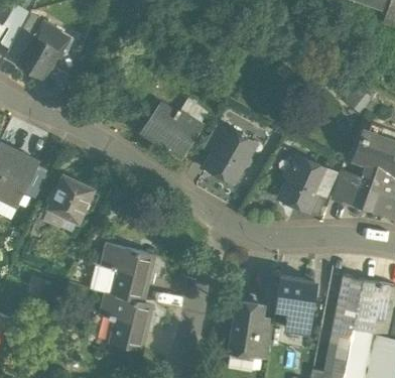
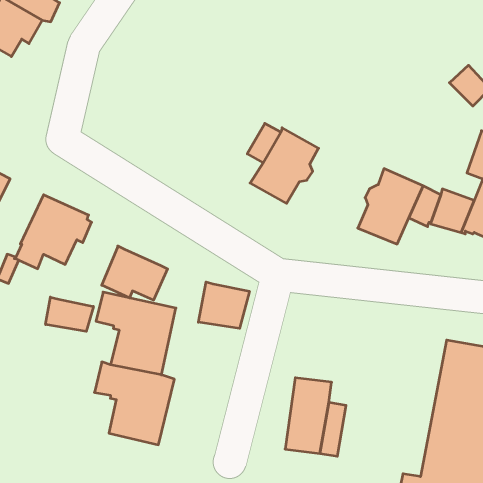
building: [142,104,202,157] -> none
building: none -> [102,246,168,300]
building: none -> [198,282,249,328]
building: none -> [46,297,93,331]
building: [275,277,314,331] -> none

